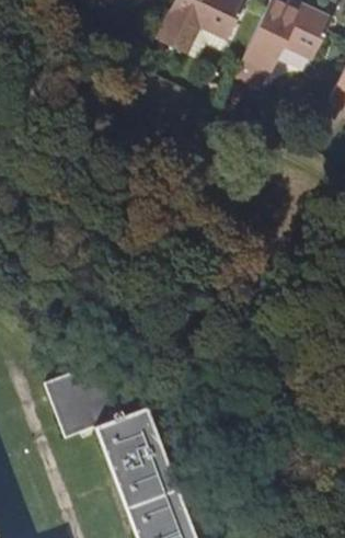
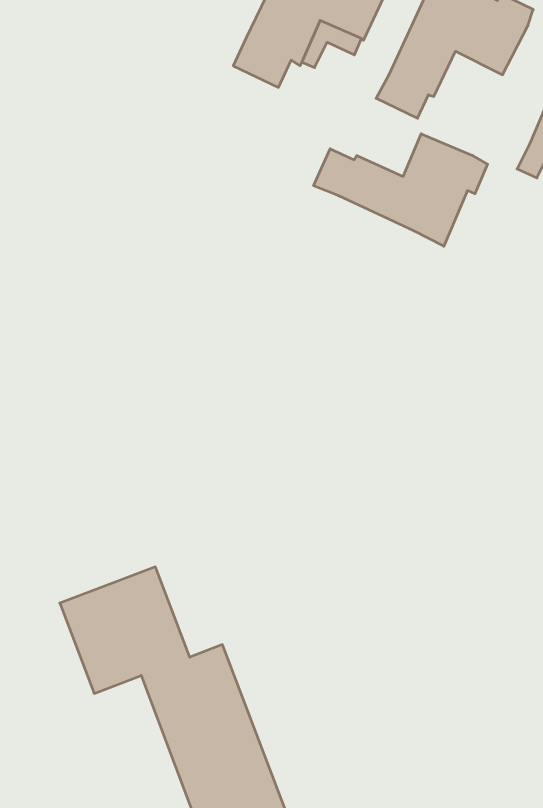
building: none -> [314,134,488,246]

